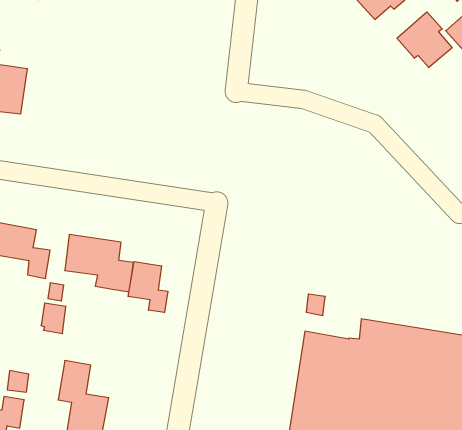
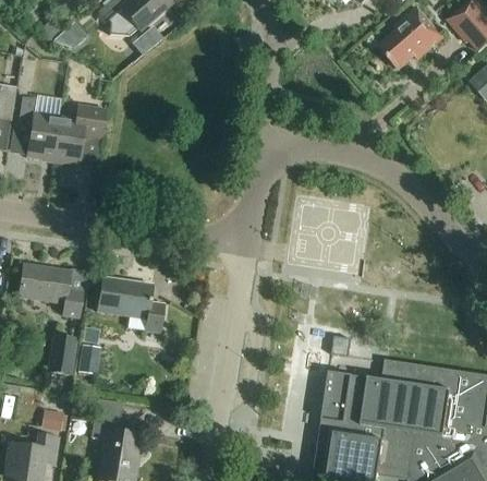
building: [397,12,452,68] -> none
building: none -> [57,105,108,165]
building: [128,262,168,313] -> none
building: none -> [51,335,76,375]

